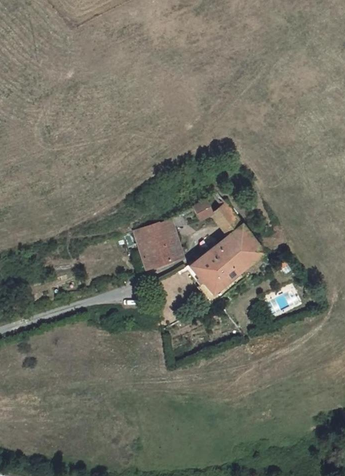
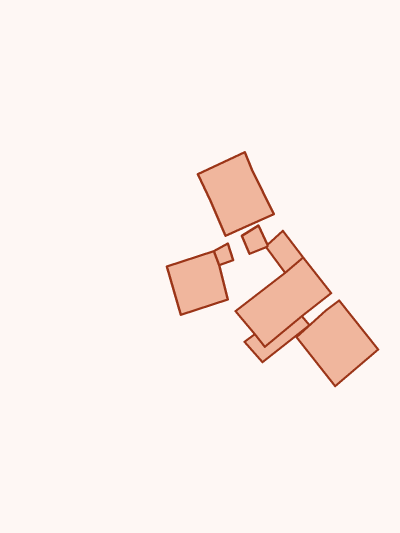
building: none -> [198,152,274,236]
building: none -> [296,301,378,386]

